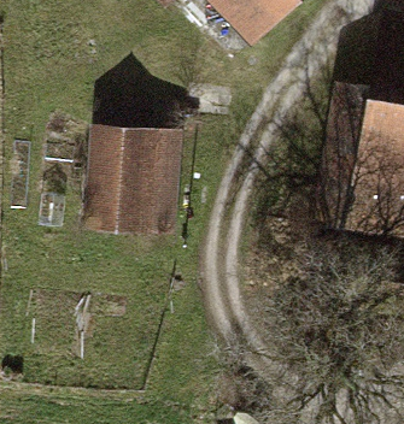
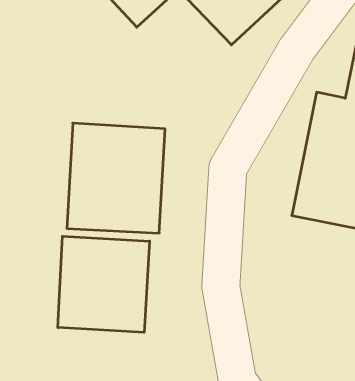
building: none -> [58,236,150,332]

